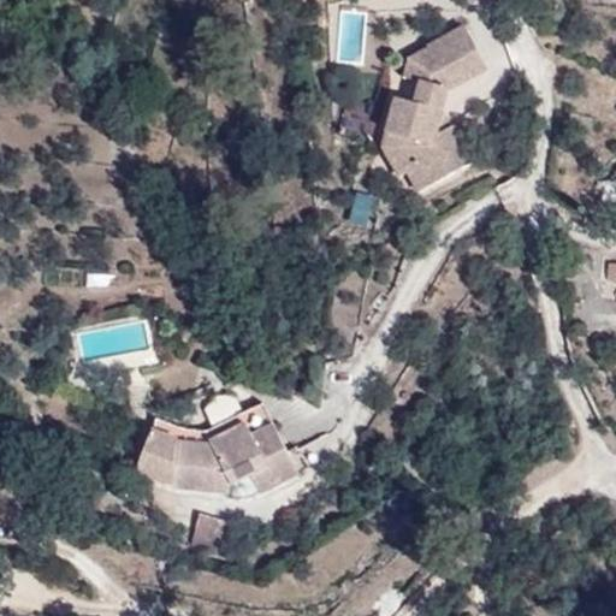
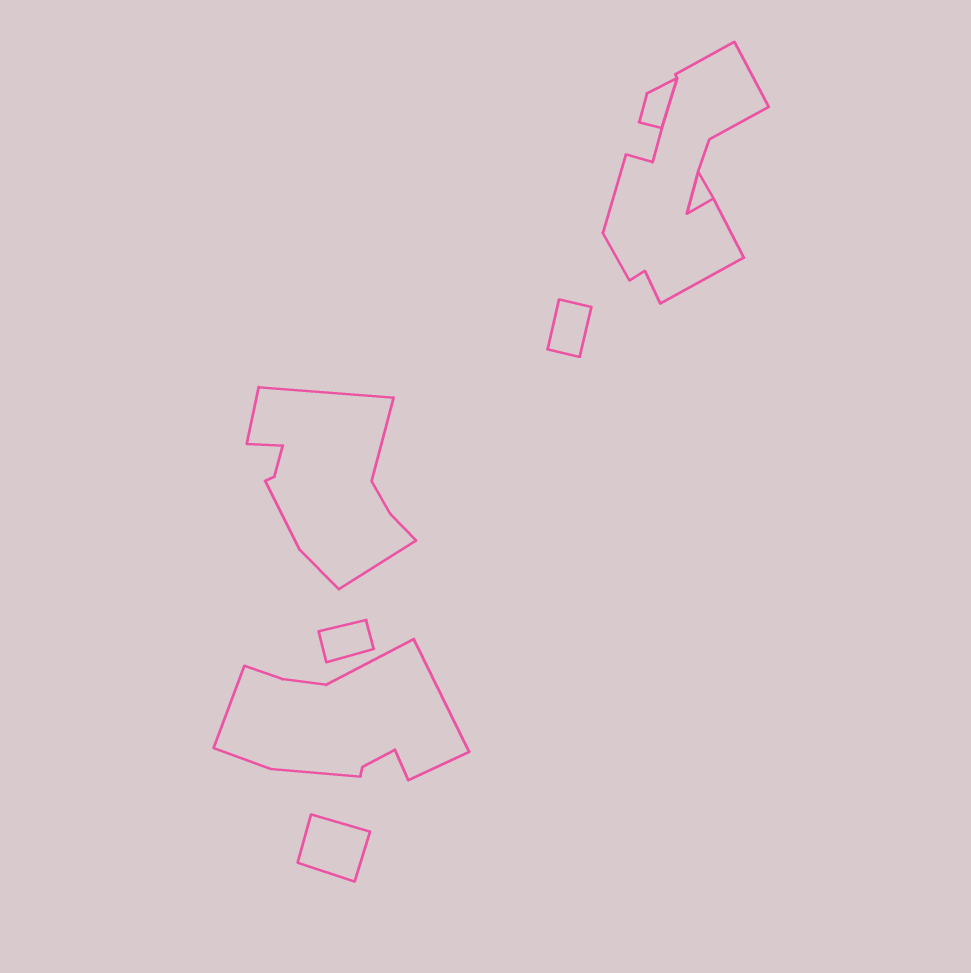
building: none -> [247,387,416,589]

